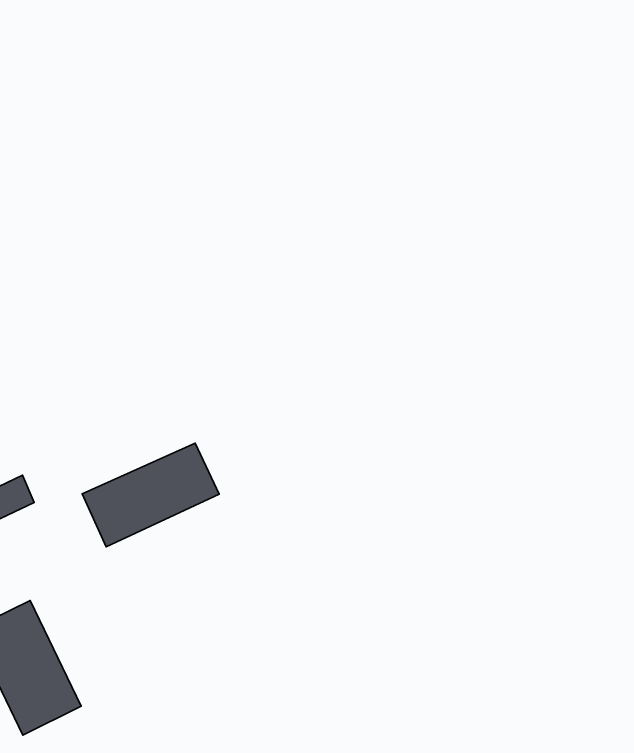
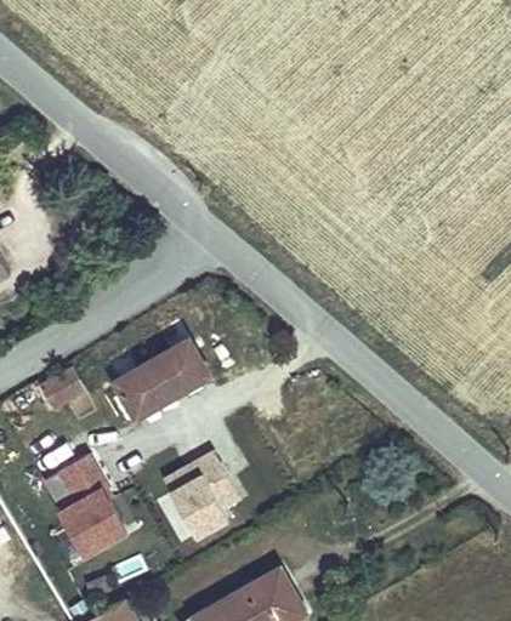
building: none -> [161,463,237,537]

